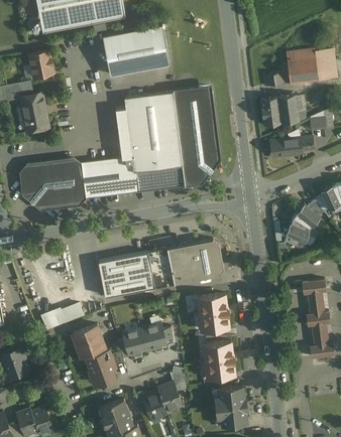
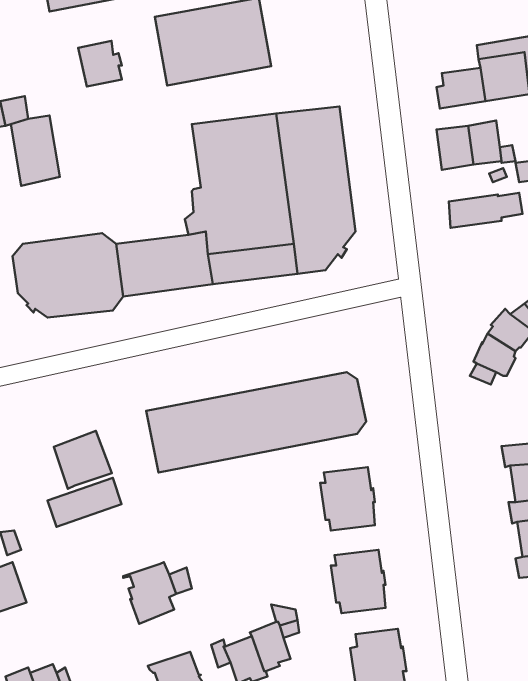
building: [27,51,52,78] -> [78,41,122,86]
building: [122,323,166,355] -> none
building: [72,325,105,358] -> [54,431,112,489]

